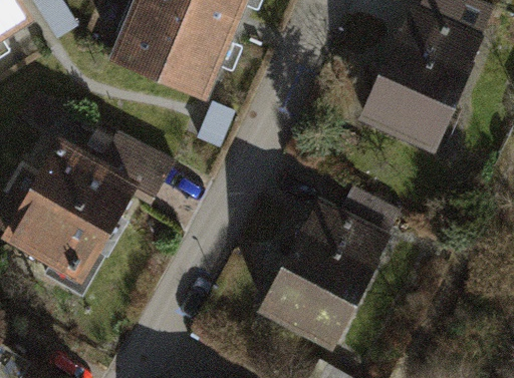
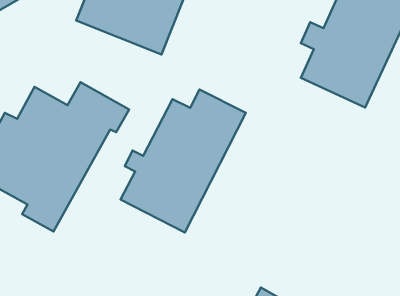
building: [256,180,401,345] -> [120,89,246,233]

